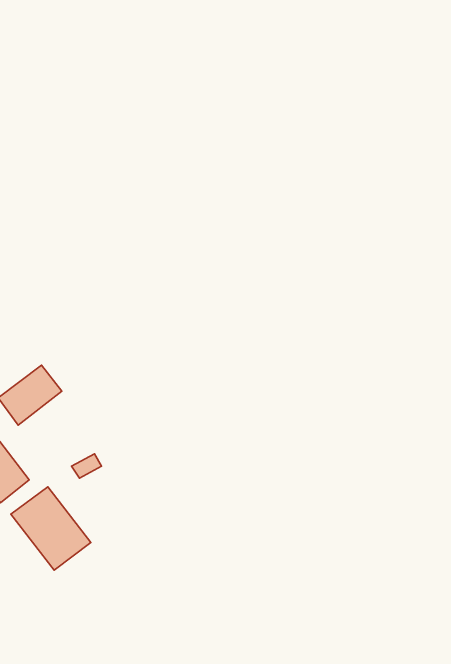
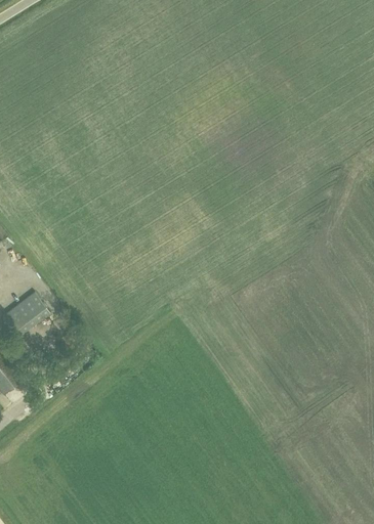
building: [11,487,91,570] -> none

